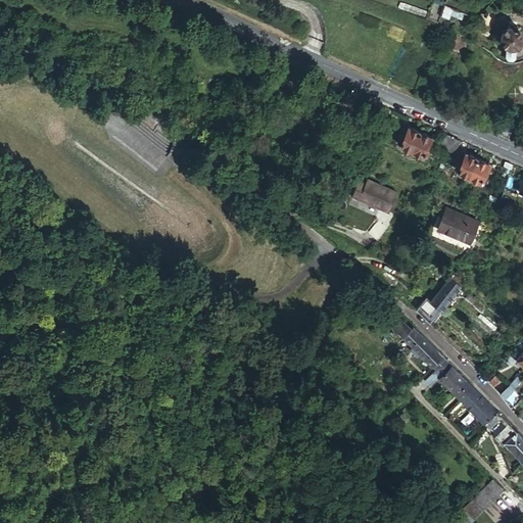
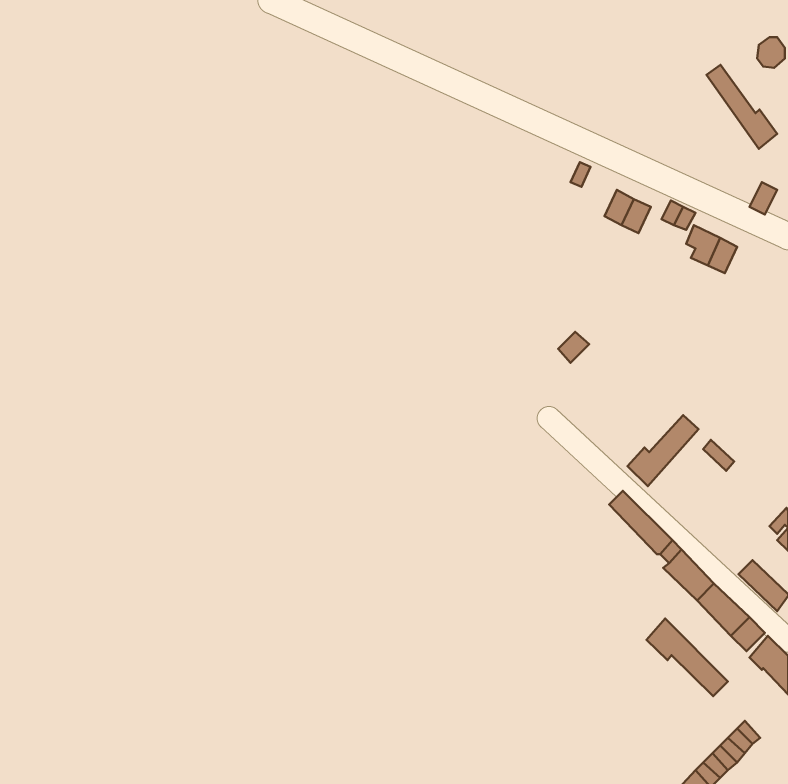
building: none -> [706,65,777,149]
building: [358,187,401,219] -> none
building: [437,209,479,242] -> none
building: none -> [647,619,728,696]

